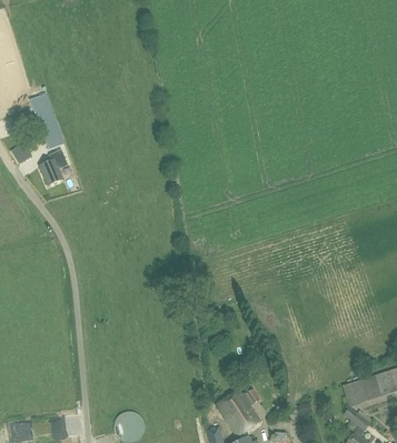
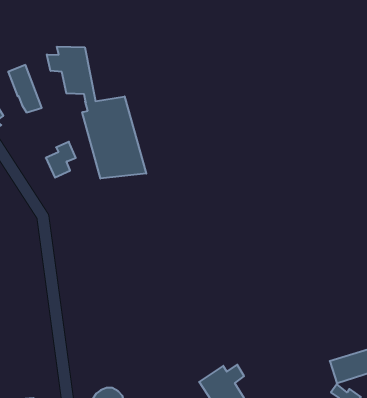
building: none -> [47,47,146,179]
building: [39,150,68,184] -> [46,142,76,178]

